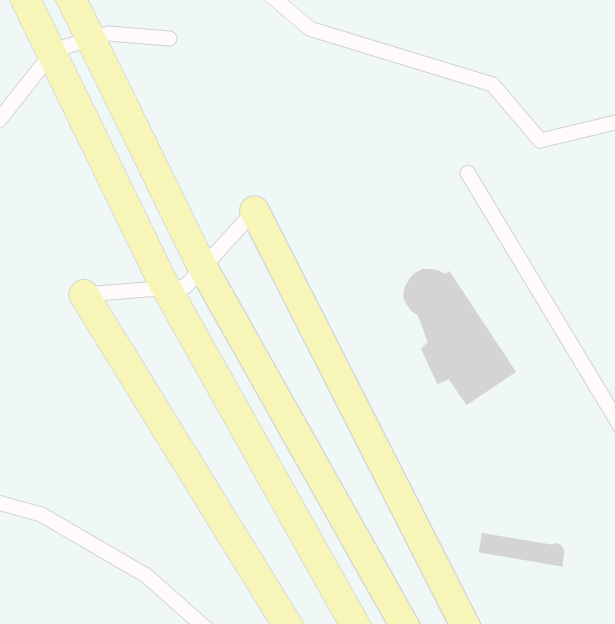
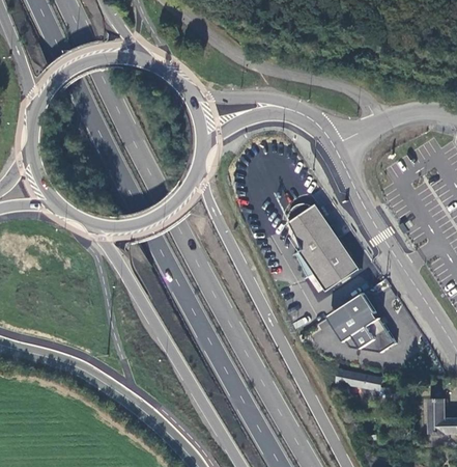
building: none -> [326,293,393,352]

